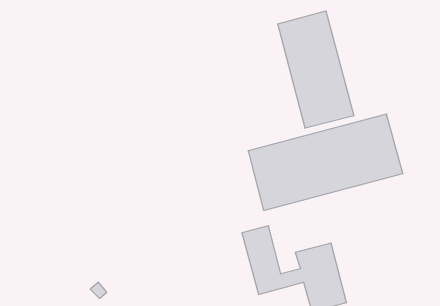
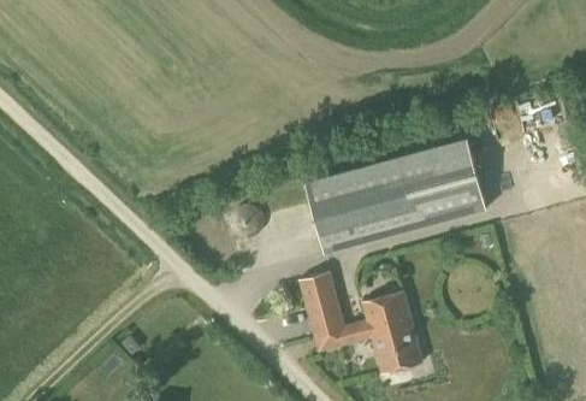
building: [278,11,354,128] -> none

